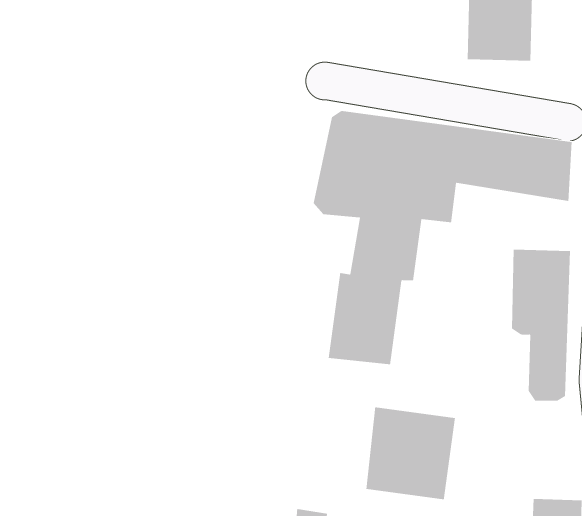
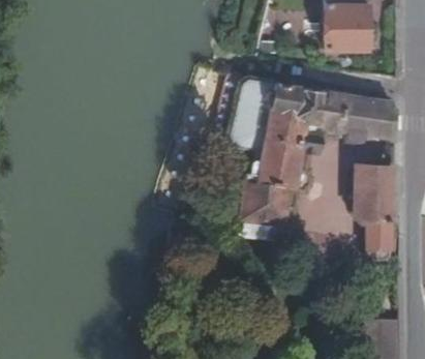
building: [366,407,455,500] -> none

